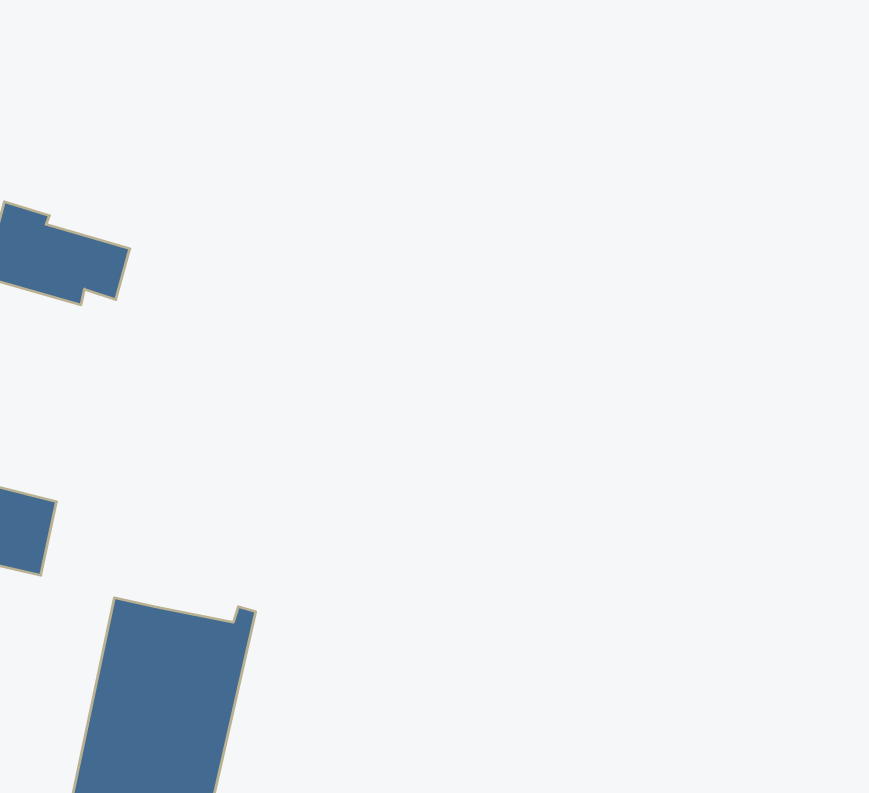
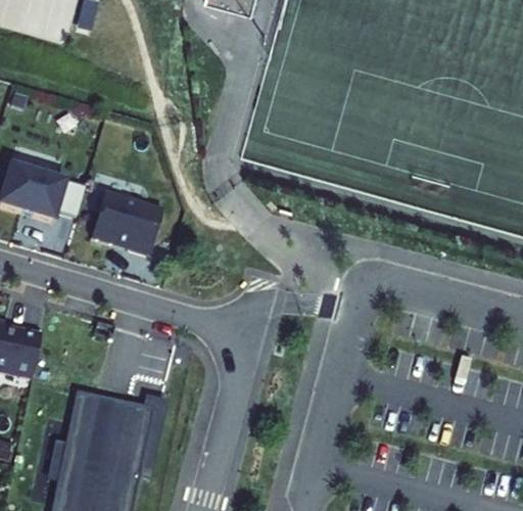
building: none -> [91,193,161,256]

